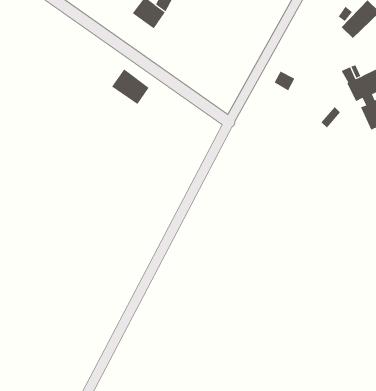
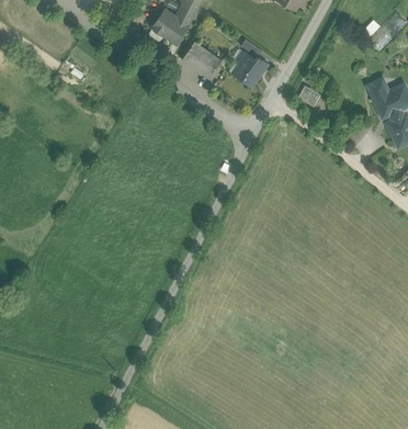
building: none -> [229,53,268,83]
building: [111,68,150,105] -> [182,41,222,78]

